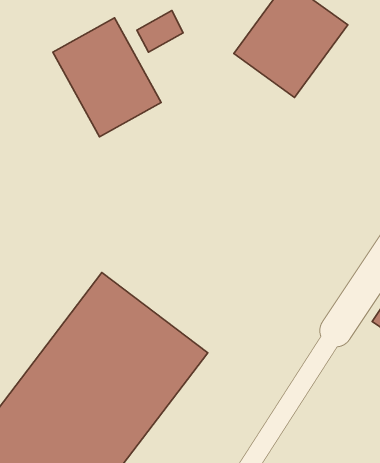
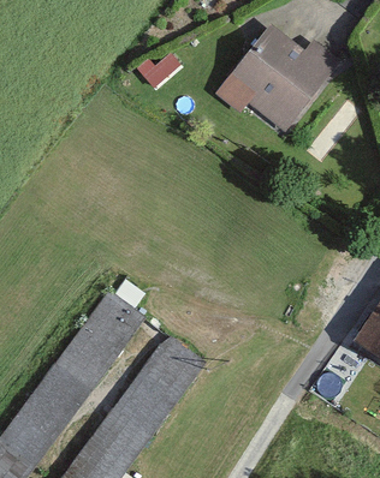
building: [53,18,161,137] -> none

